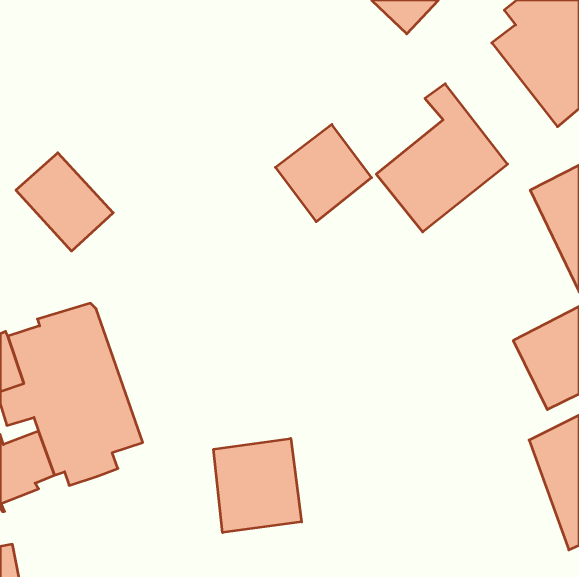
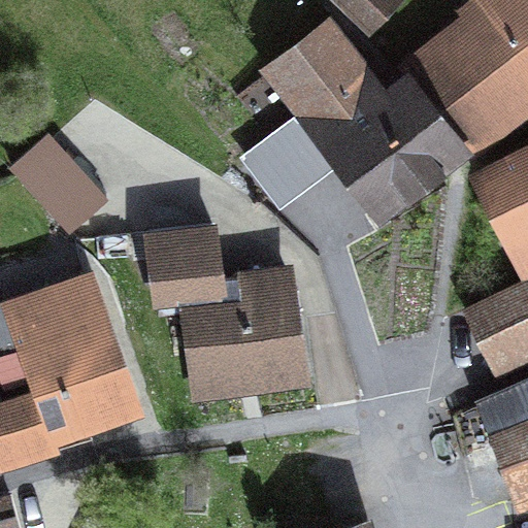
building: none -> [269,25,403,163]
building: none -> [403,36,507,151]
building: none -> [150,226,300,385]
building: [214,438,302,533] -> none

